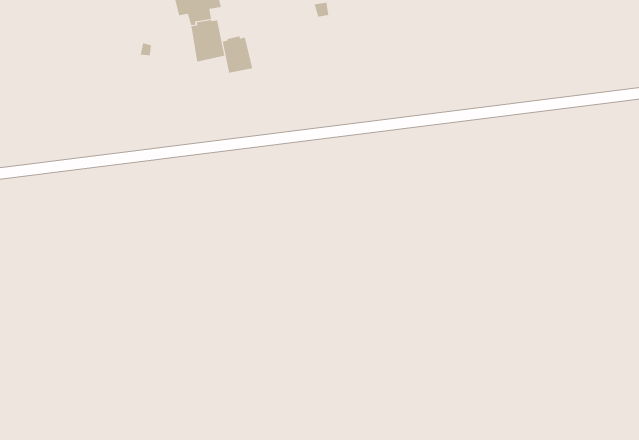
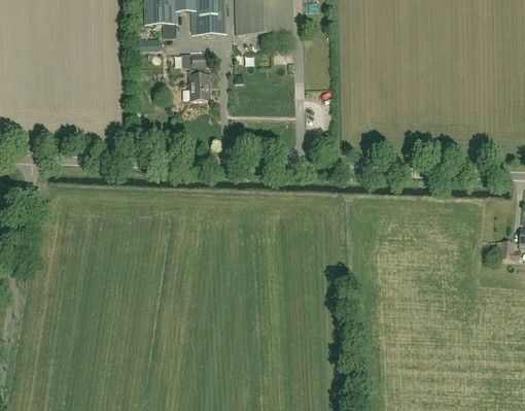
building: [222,35,253,73] -> none

